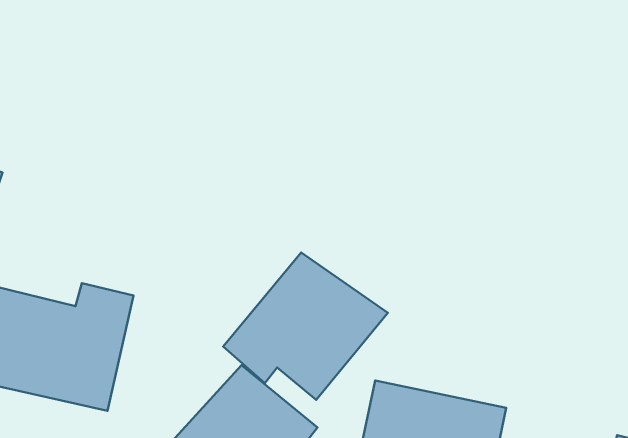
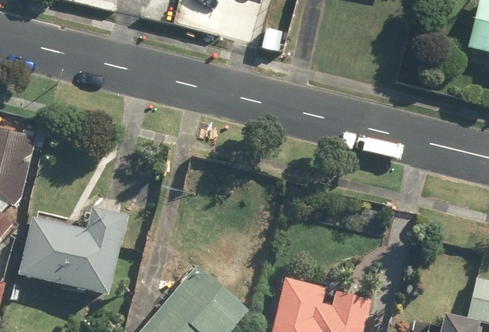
building: [223,252,388,400] -> none

